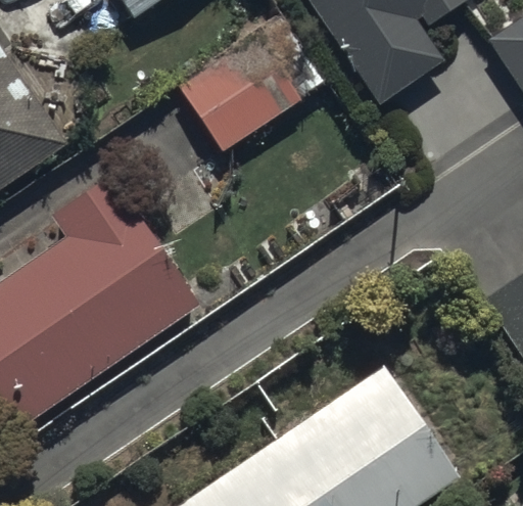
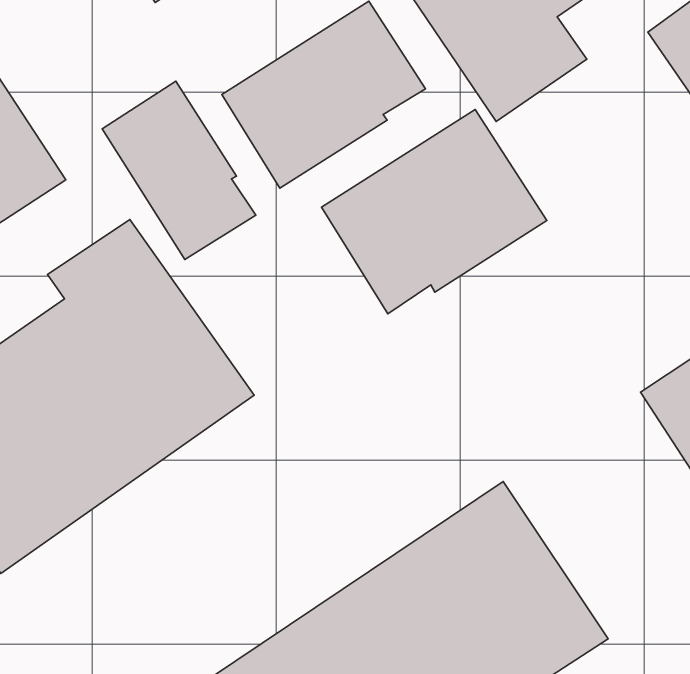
building: none -> [102,81,256,259]
building: none -> [321,110,547,314]

